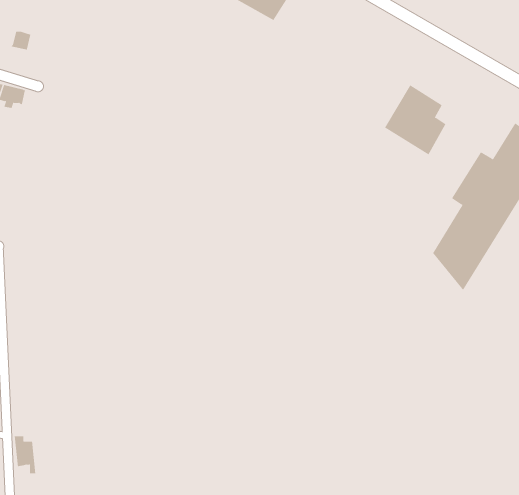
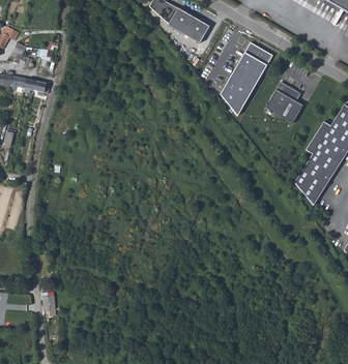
building: none -> [221,42,272,117]

